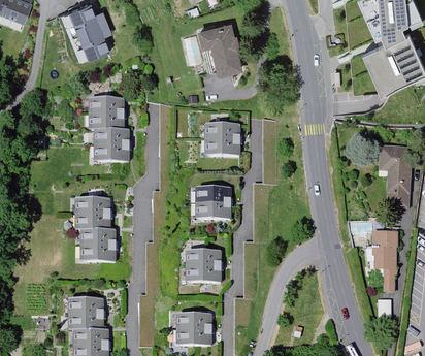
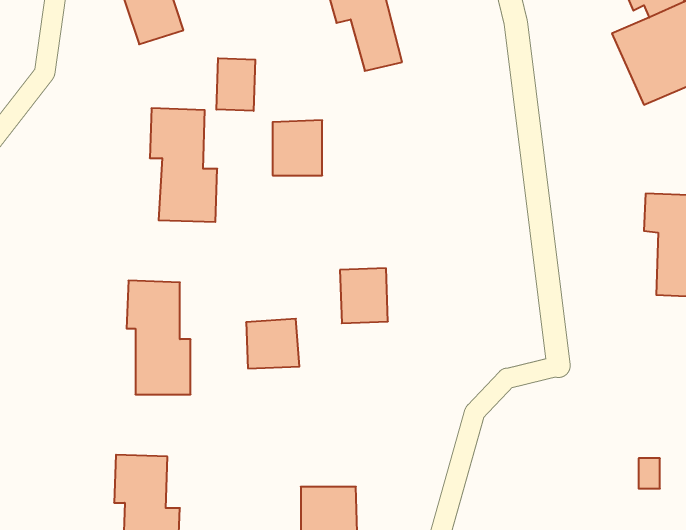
building: none -> [216,58,255,111]
building: [210,125,239,157] -> [273,120,322,175]
building: [371,231,395,290] -> none
building: [190,255,221,284] -> [246,319,299,368]

